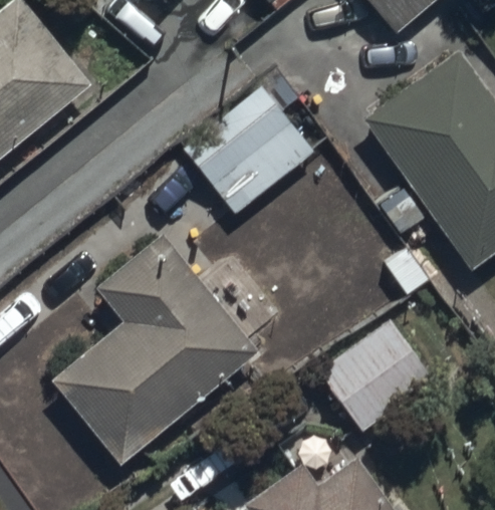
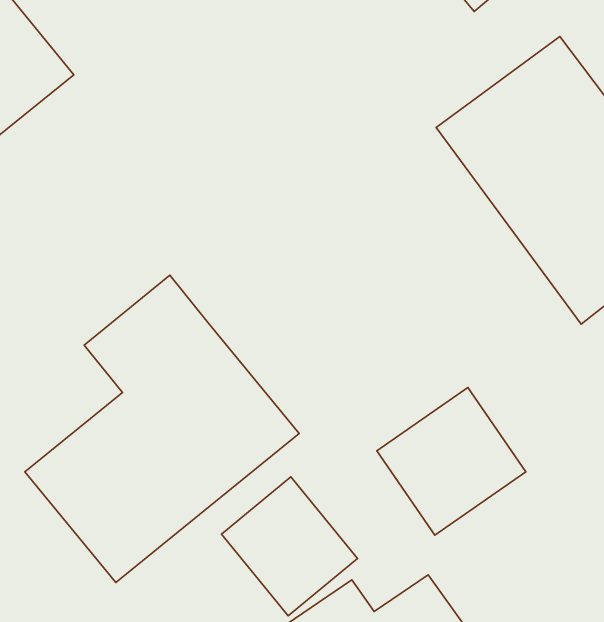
building: [184,85,316,215] -> none
building: none -> [221,477,357,616]

